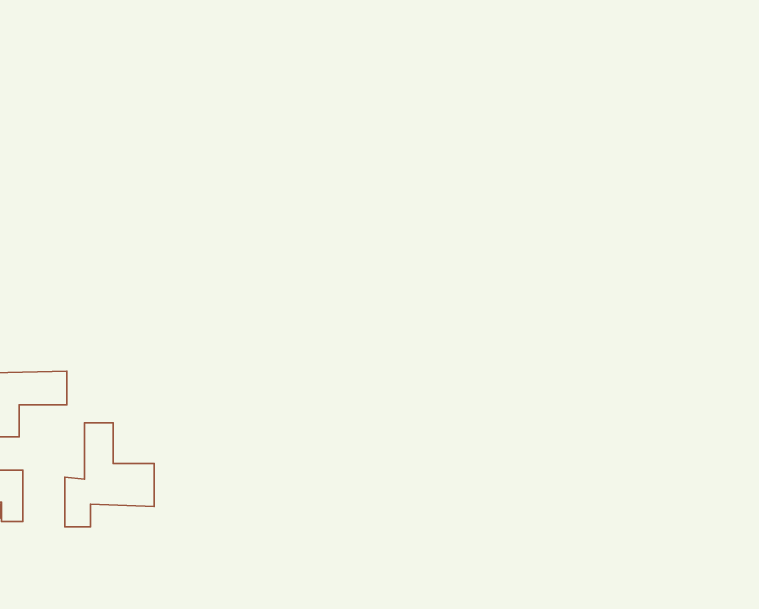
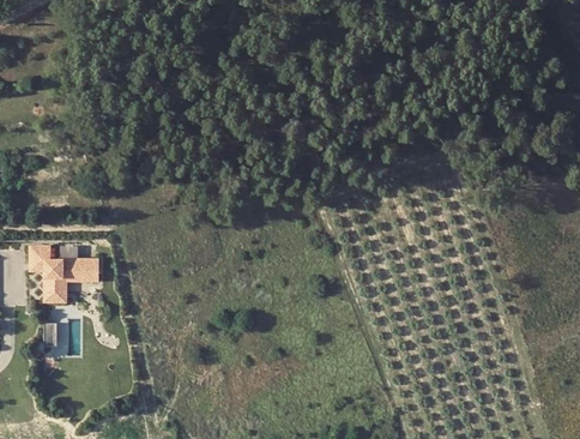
building: [65,423,154,527] -> none

